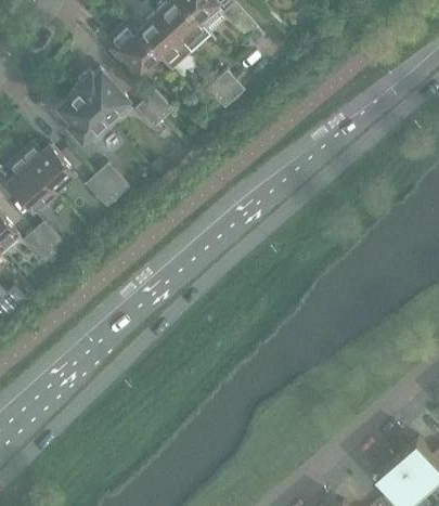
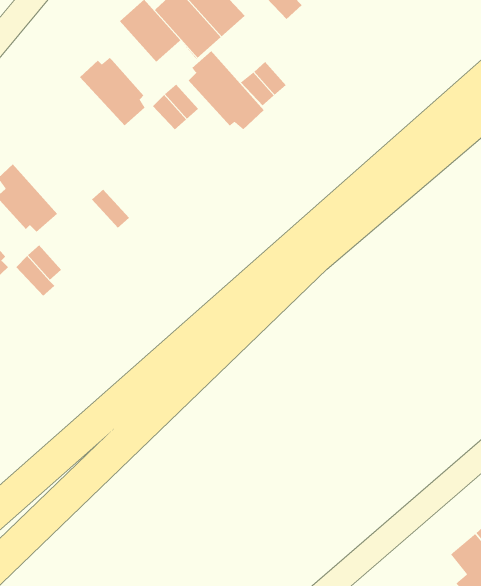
building: none -> [188,50,265,130]
building: [55,86,111,143] -> none
building: [20,144,73,197] -> none
building: [93,165,128,200] -> none

